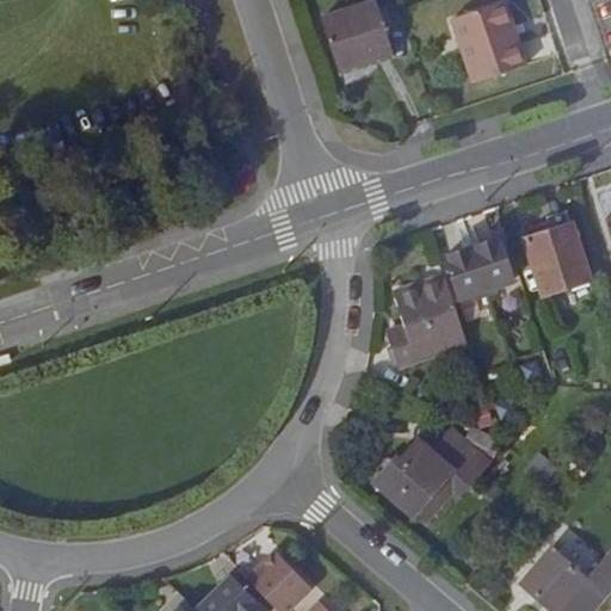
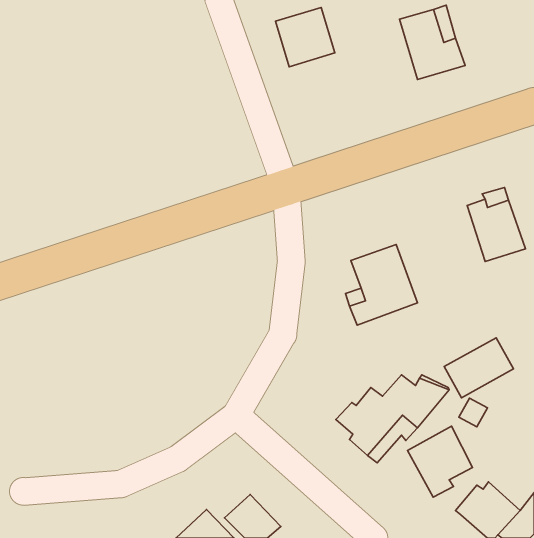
building: [446,239,514,300] -> none
building: none -> [444,338,514,398]
building: none -> [408,426,473,497]

